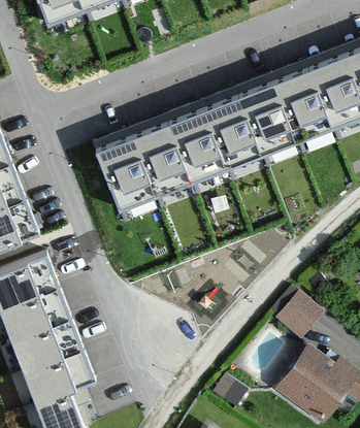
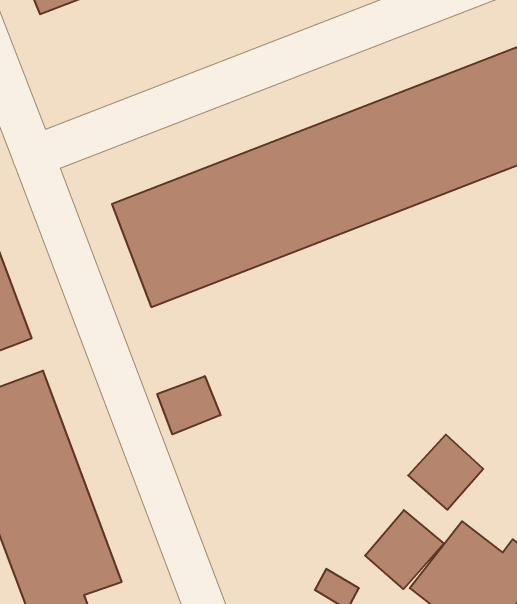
building: none -> [157,376,221,434]
building: none -> [365,510,444,589]

